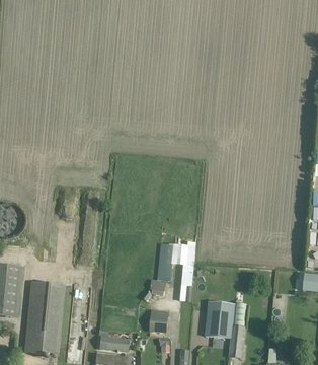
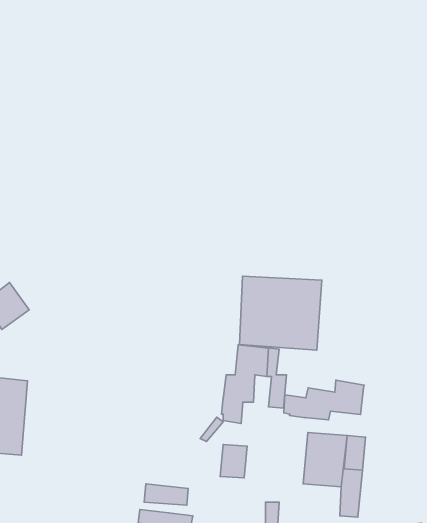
building: none -> [239,276,322,350]
building: none -> [284,380,364,420]
building: [24,280,65,354] -> none

